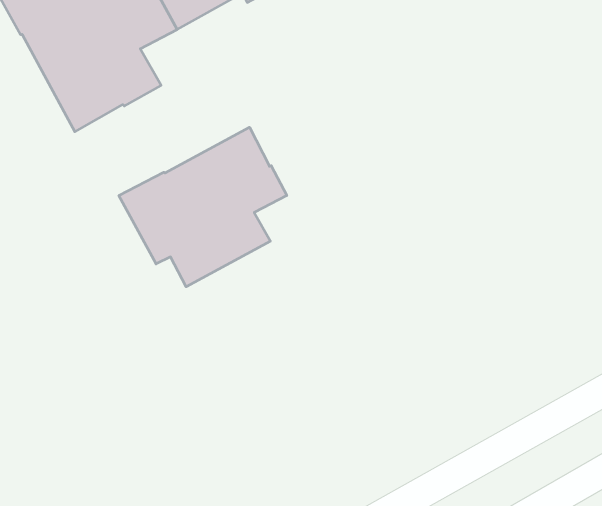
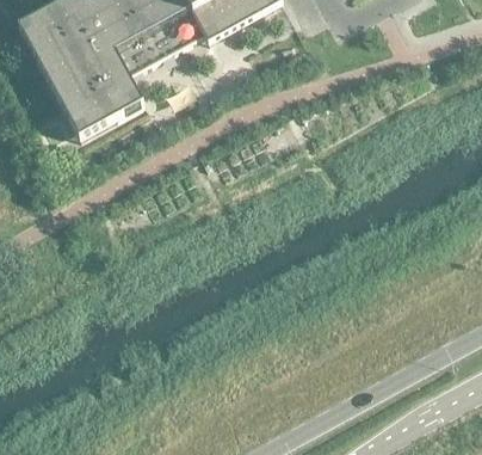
building: [119,127,287,287] -> none

